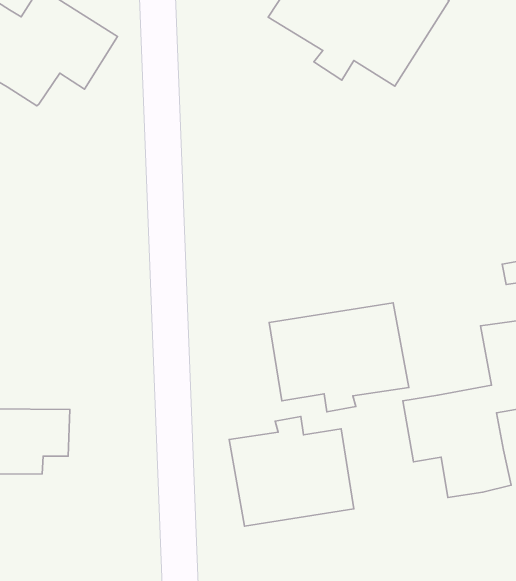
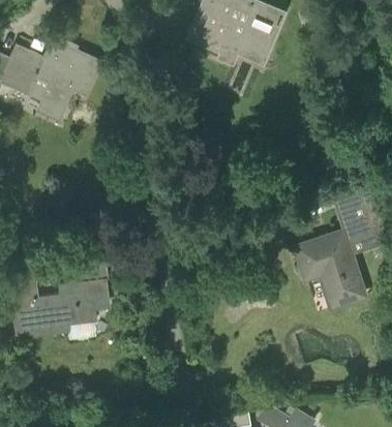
building: [269,303,409,412] -> none
building: [229,416,354,526] -> none

